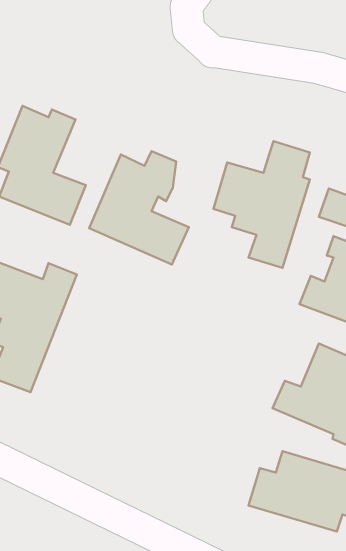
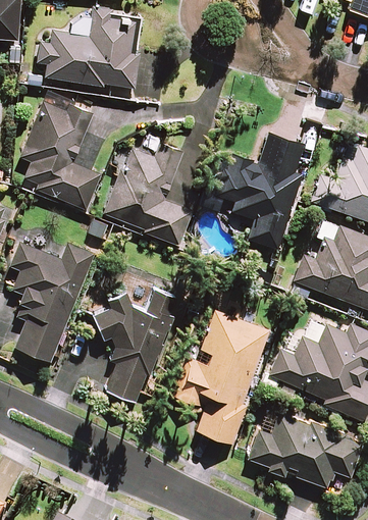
building: none -> [38,14,138,88]
building: none -> [94,292,176,401]
building: none -> [173,313,268,443]

